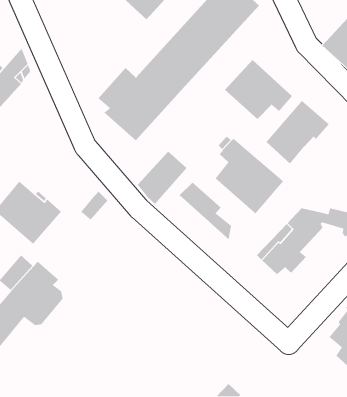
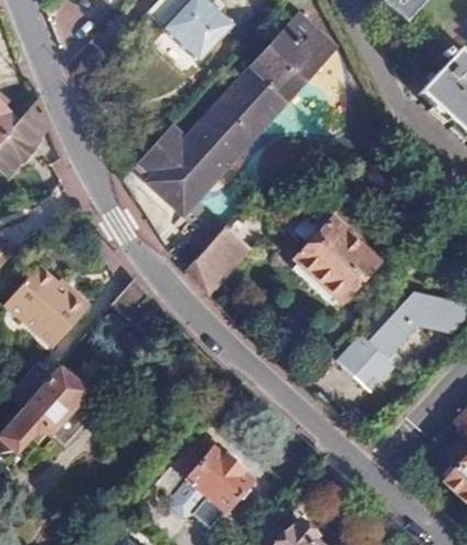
building: [224,59,293,120] -> none
building: [265,100,330,164] -> none
building: [179,182,232,241] -> none
building: none -> [159,436,250,526]

